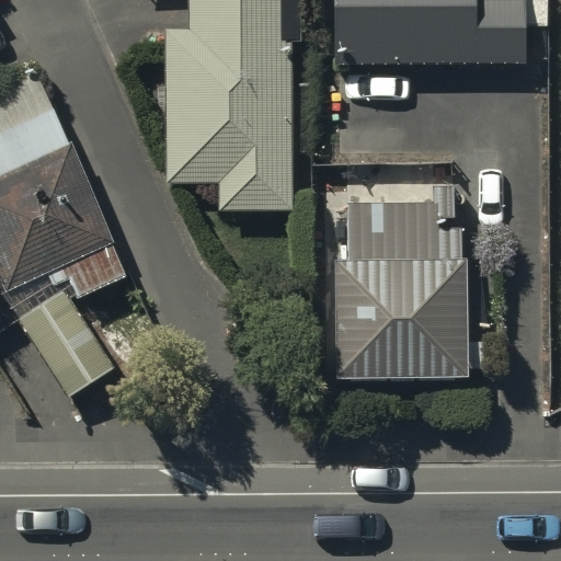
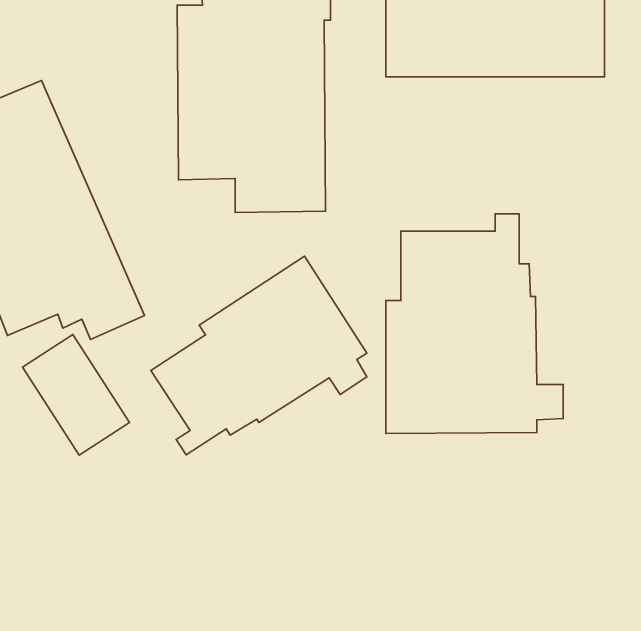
building: none -> [151,256,367,455]

